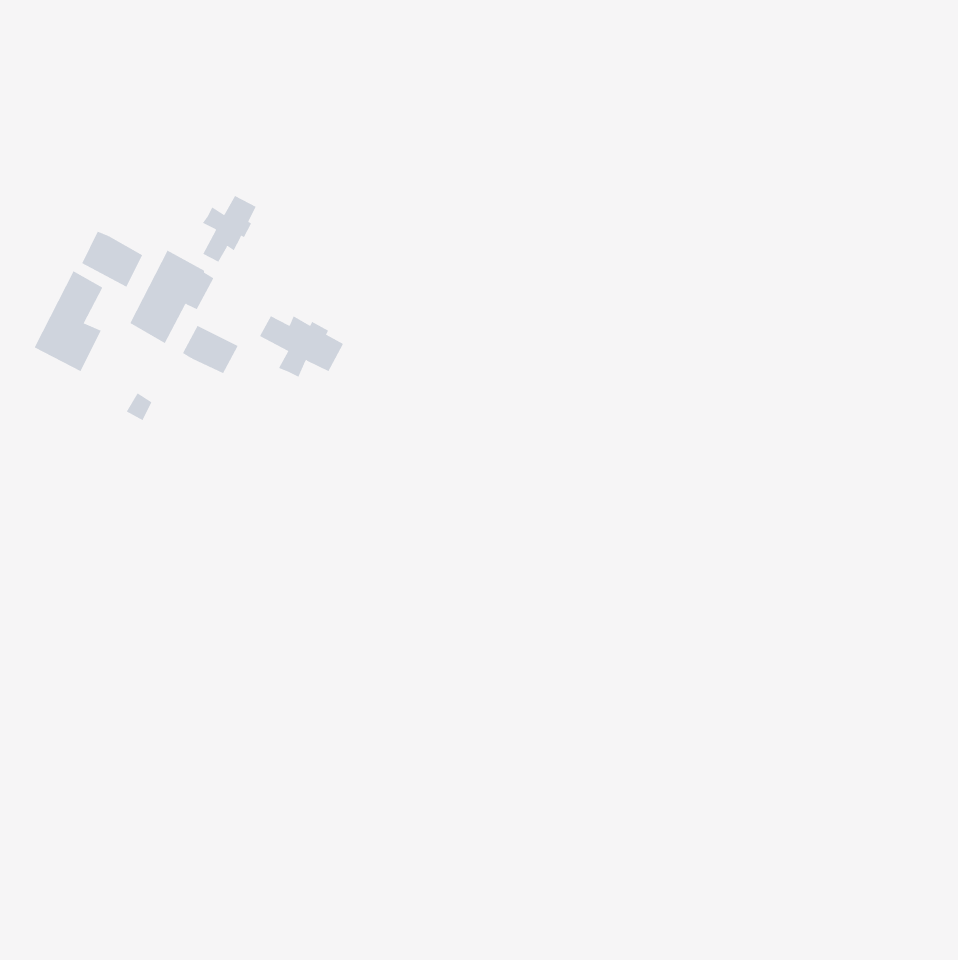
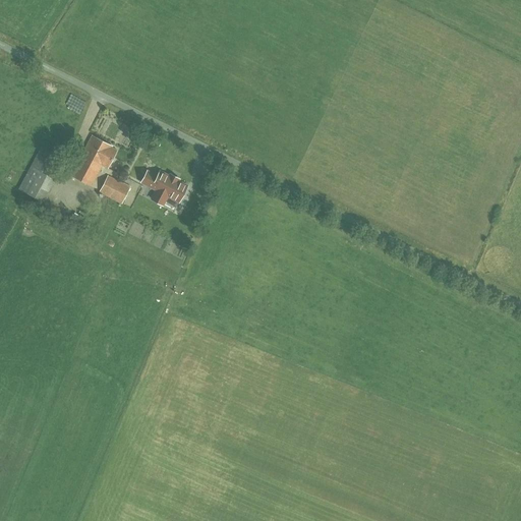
building: [202,195,256,263] -> none
building: [81,231,143,287] -> none

